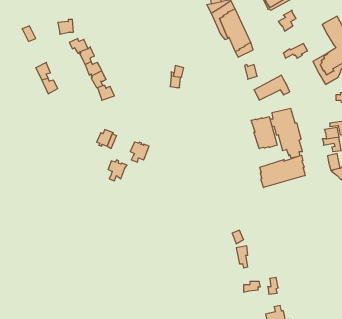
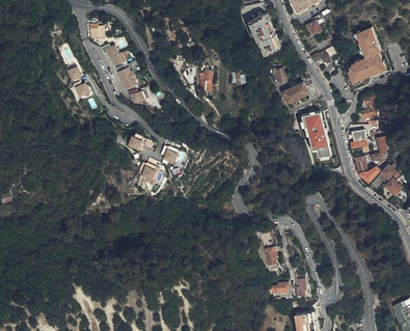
building: [251,117,277,149] -> none
building: [260,155,305,188] -> none

